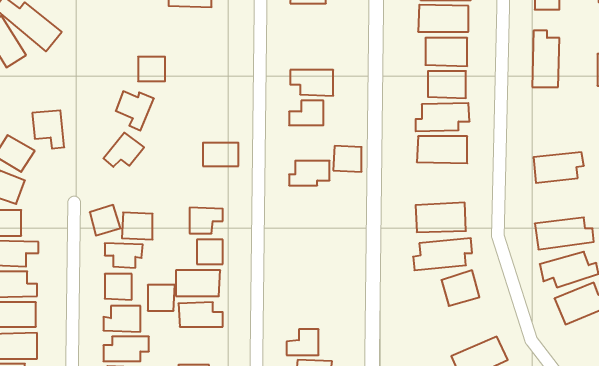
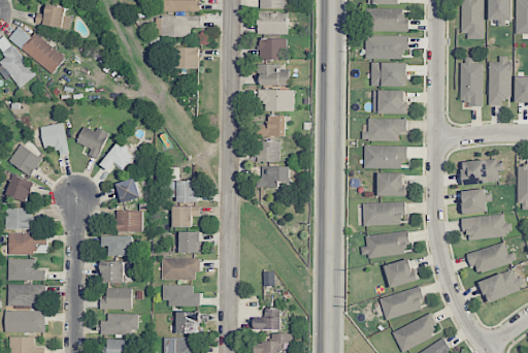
building: none -> [259,38,287,59]
building: none -> [488,56,509,104]
building: none -> [258,64,289,86]
building: [138,57,165,81] -> [175,47,198,68]
building: [116,91,154,131] -> [76,126,108,159]
building: [203,143,238,166] -> [168,181,198,200]
building: [333,146,362,172] -> [256,140,279,162]
building: none -> [377,172,404,196]
building: none -> [461,189,486,214]
building: [90,205,121,236] -> [114,178,140,203]
building: [148,285,175,311] -> [176,312,199,333]
building: none -> [378,286,423,320]

